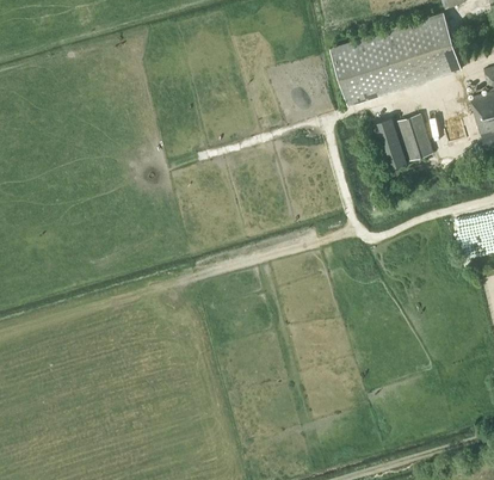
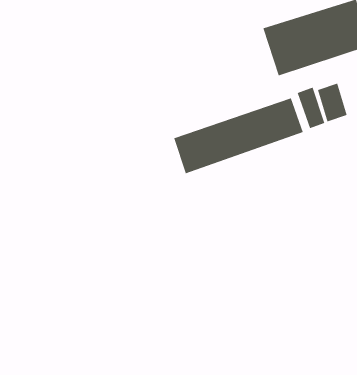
building: none -> [174,97,303,174]

